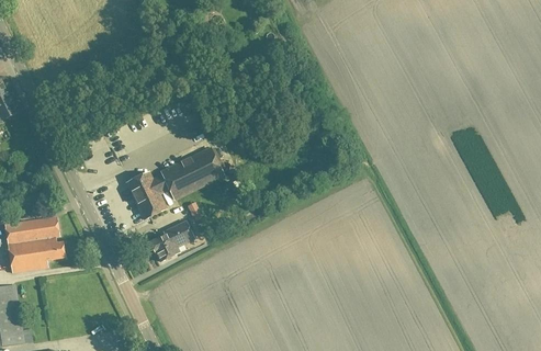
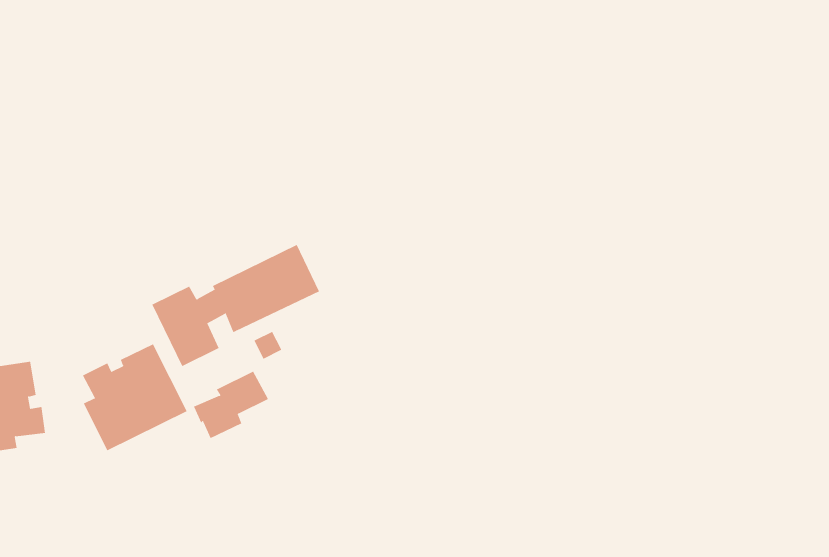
building: none -> [82,344,188,451]

